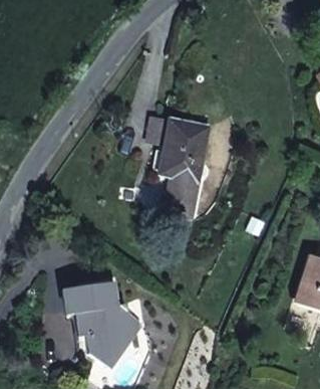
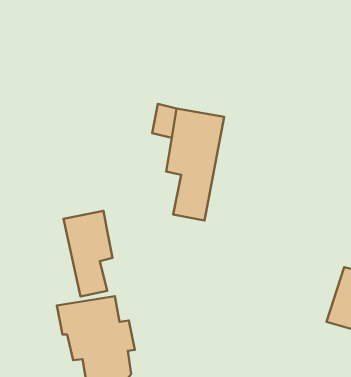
building: none -> [63,211,113,297]

